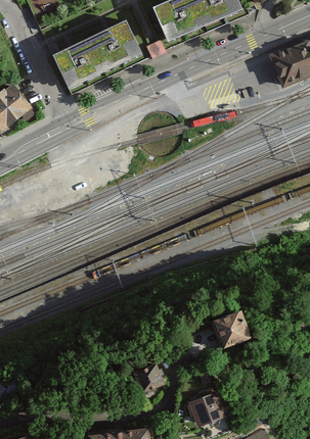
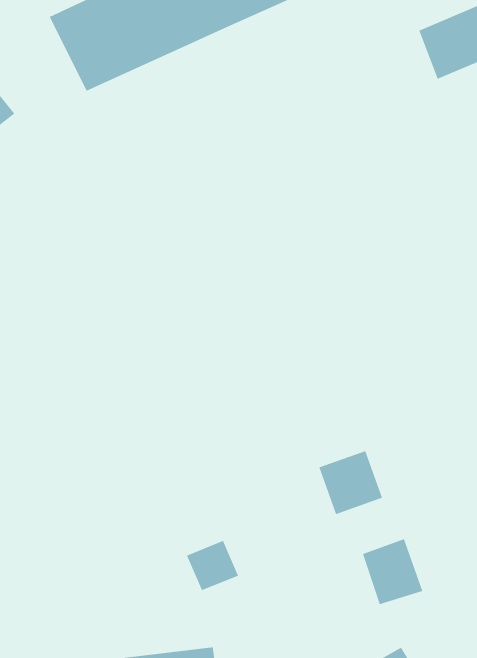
building: [190,388,227,428] -> [362,539,423,605]

